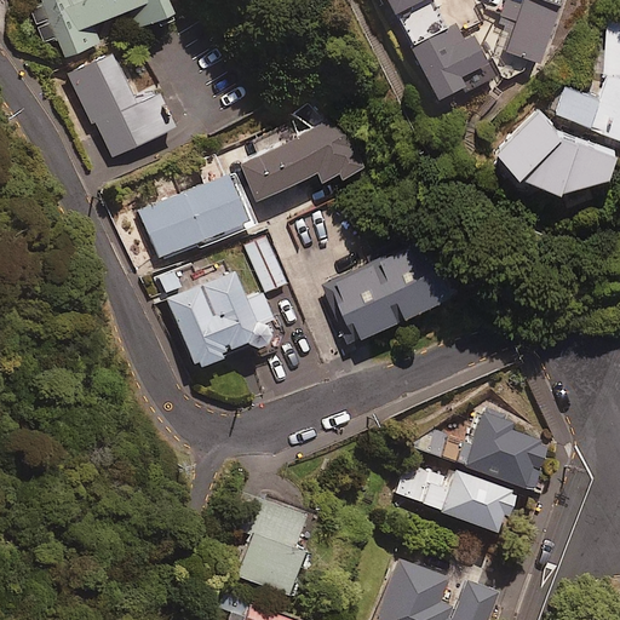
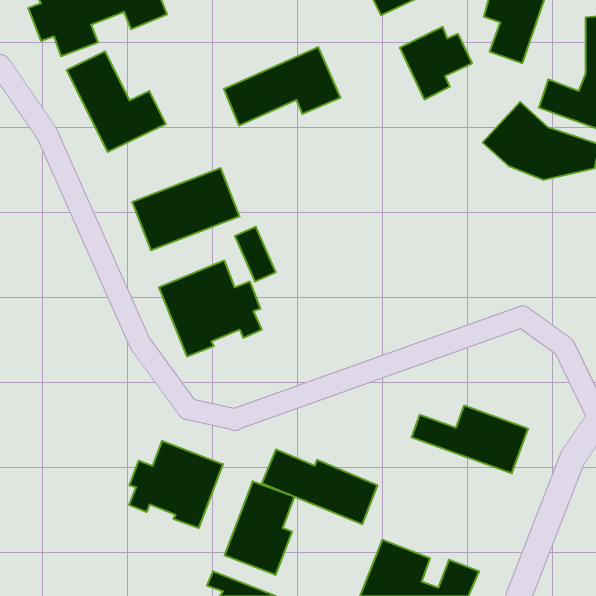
building: [248,114,369,195] -> [224,47,341,125]
building: [328,232,464,339] -> none
building: none -> [129,441,223,528]
building: [396,458,516,535] -> [262,449,378,524]

